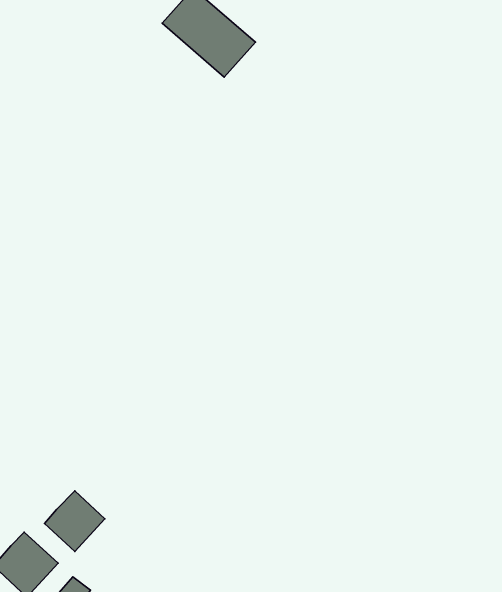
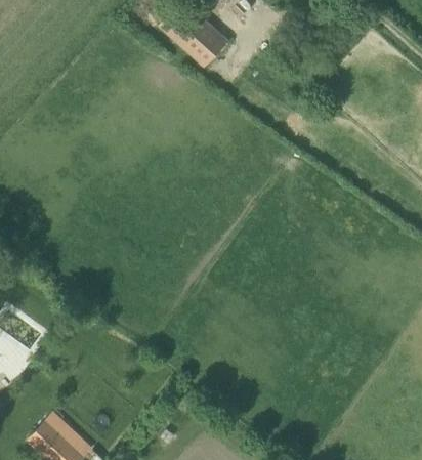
building: [45,491,105,551] -> none

